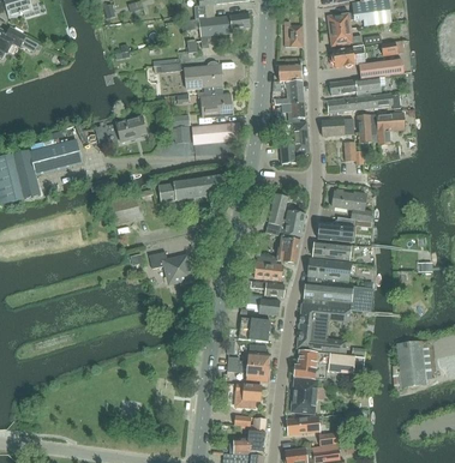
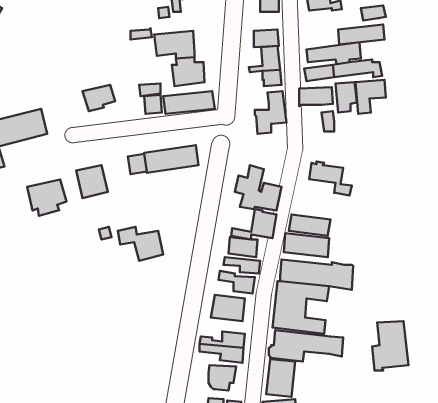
building: [330,47,363,67] -> none
building: none -> [27,180,66,216]
building: [316,216,355,242] -> none

